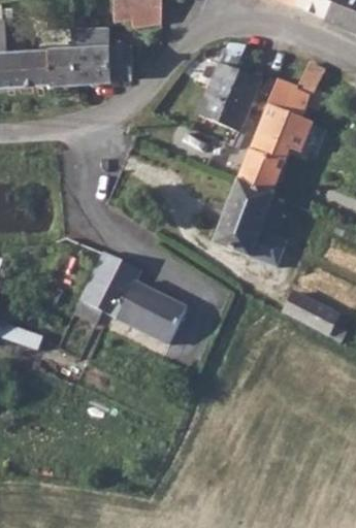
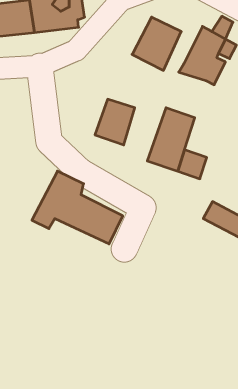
building: [236,131,285,187] -> [95,99,135,145]

